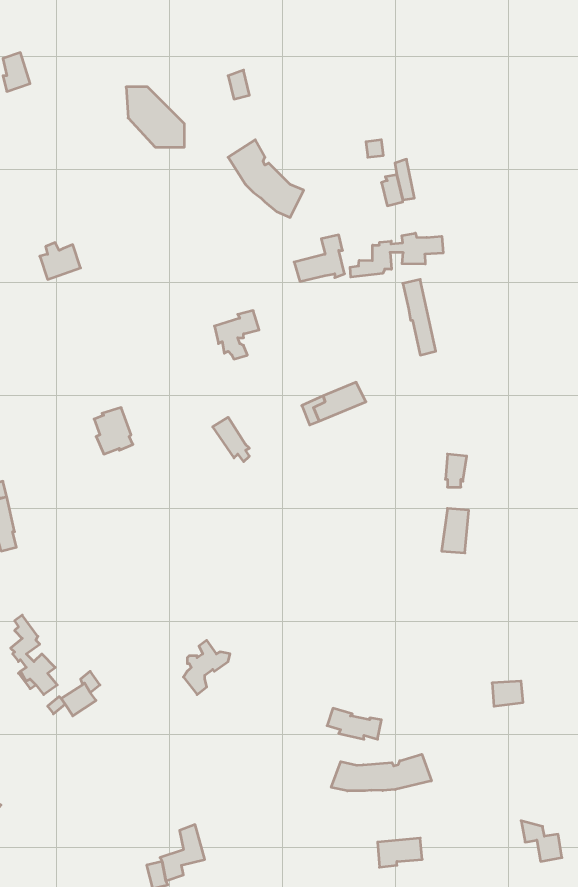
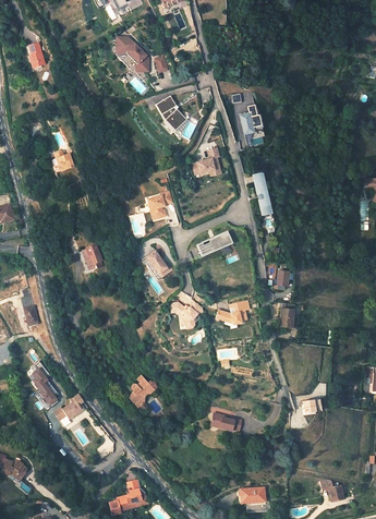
building: [126,87,184,147] -> [116,37,148,71]
building: [350,233,443,277] -> none
building: none -> [215,301,250,326]
building: none -> [170,302,203,329]
building: [331,754,431,791] -> none

